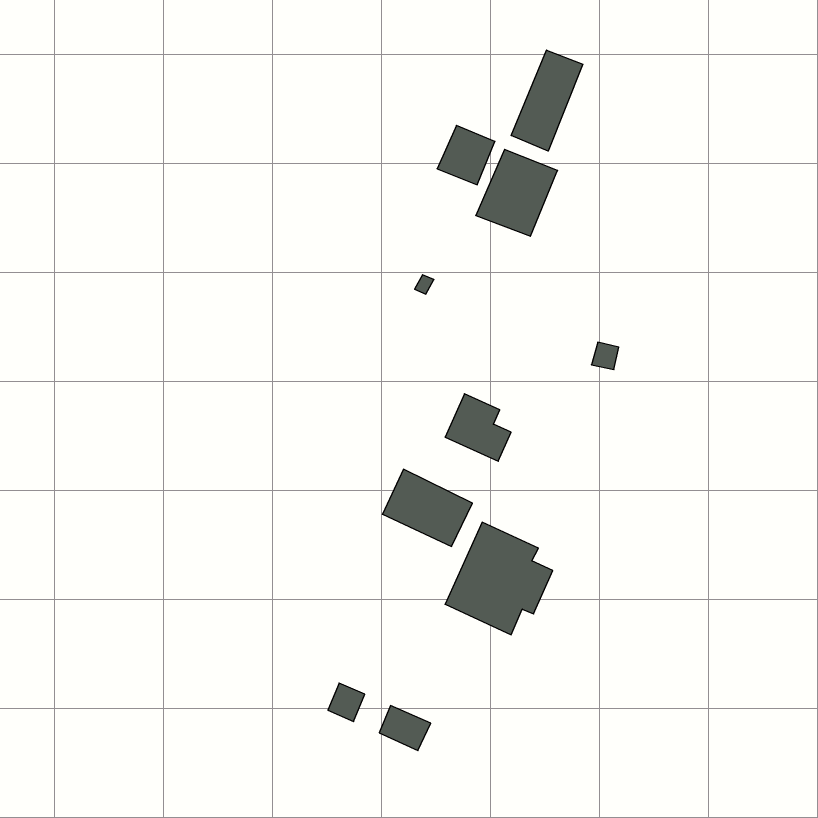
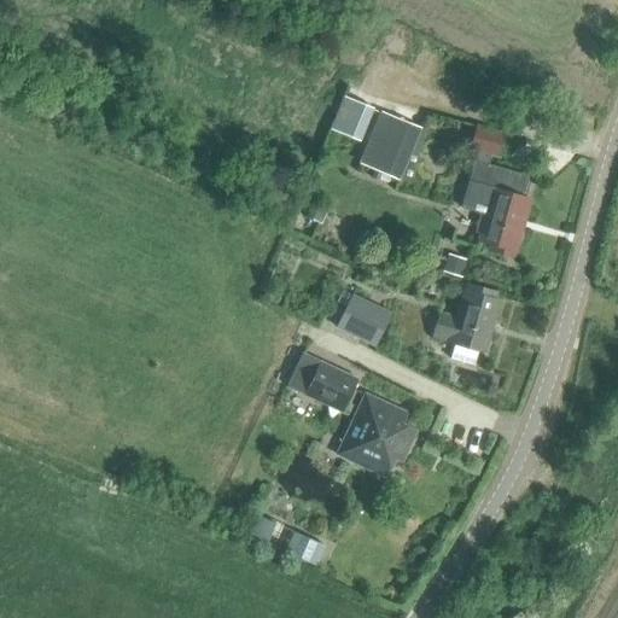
building: [511,50,583,151] -> none
building: none -> [465,126,532,255]
building: none -> [433,282,499,363]

